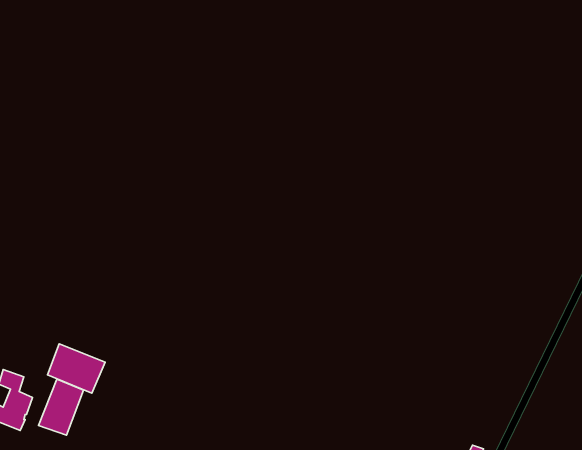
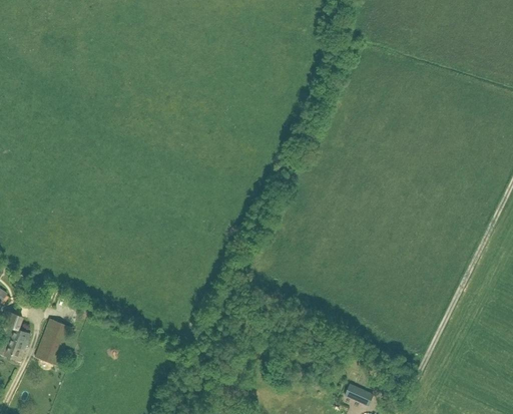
building: [47,344,105,393] -> none

